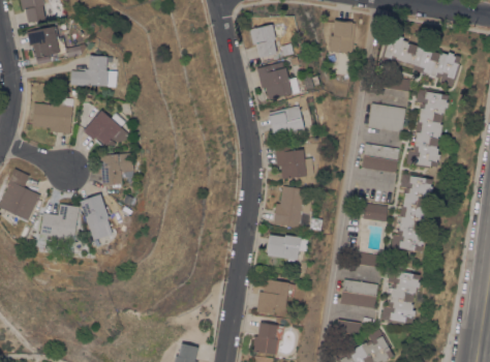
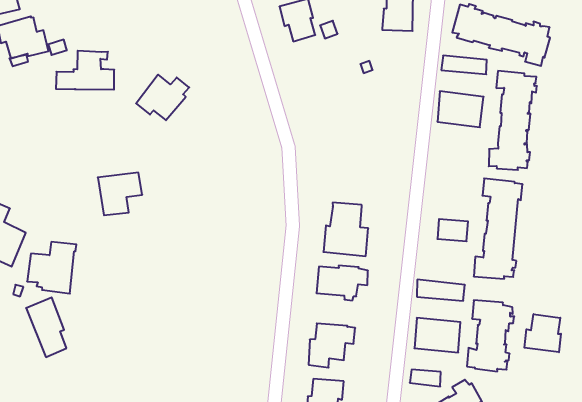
building: [256,61,300,99] -> none
building: [32,97,73,132] -> none
building: [268,105,304,133] -> none
building: [83,110,125,146] -> [136,75,189,120]
building: [274,143,313,179] -> none
building: [361,143,399,173] -> none
building: [80,193,110,240] -> [26,297,66,357]
building: none -> [524,314,561,352]

